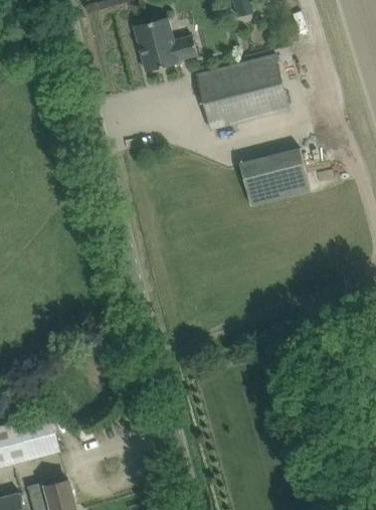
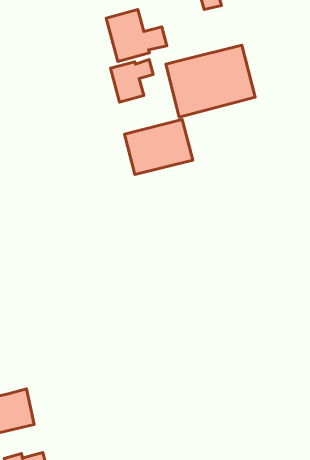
building: none -> [111,60,153,102]
building: [239,148,311,205] -> [124,120,193,175]

